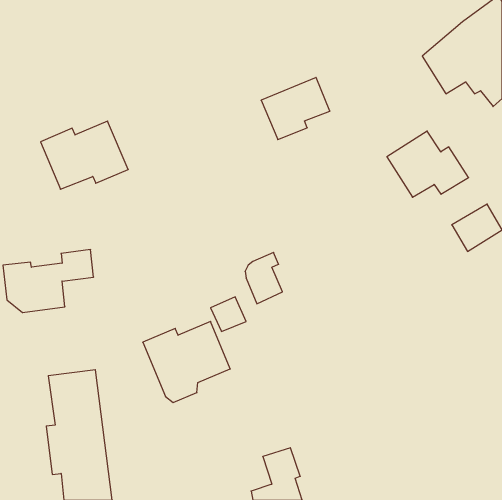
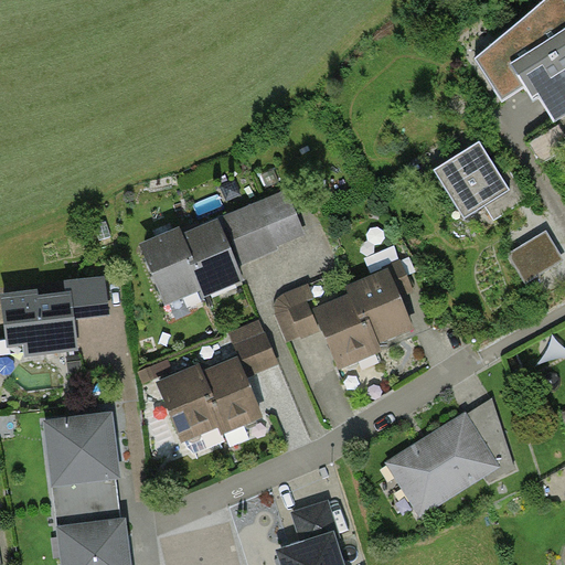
building: [261,77,330,140] -> [224,190,301,259]
building: [41,121,128,189] -> [142,222,241,298]
building: none -> [316,259,411,363]
building: none -> [390,398,512,511]

